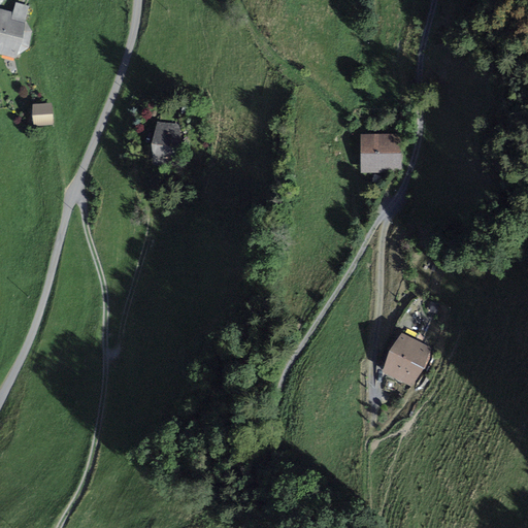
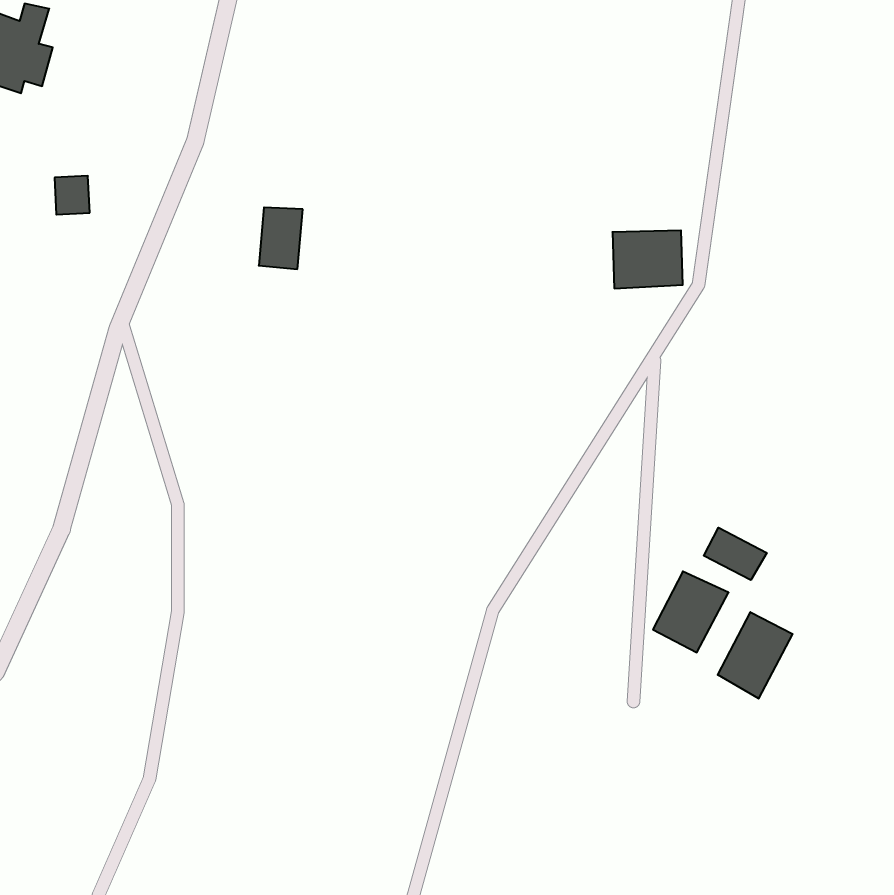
building: none -> [704,528,767,580]
building: none -> [718,612,793,699]

